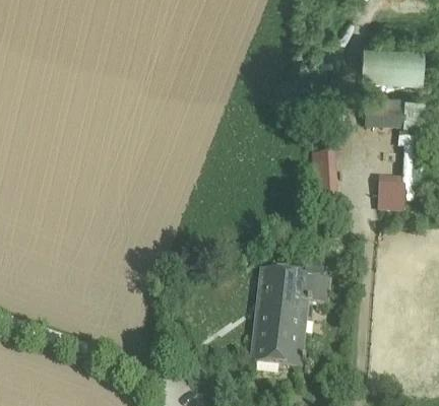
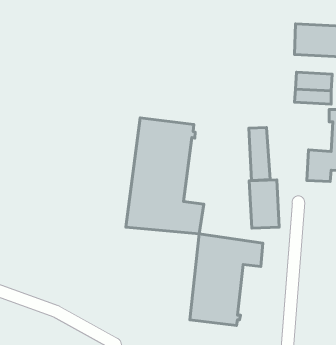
building: none -> [126,118,204,234]
building: none -> [249,180,279,228]

